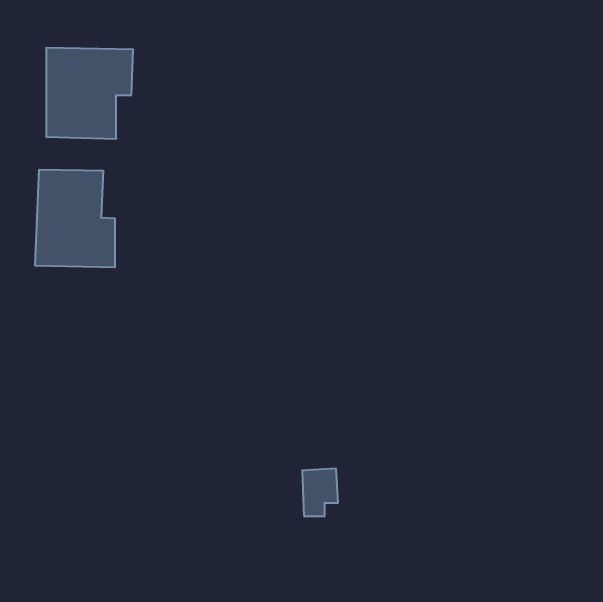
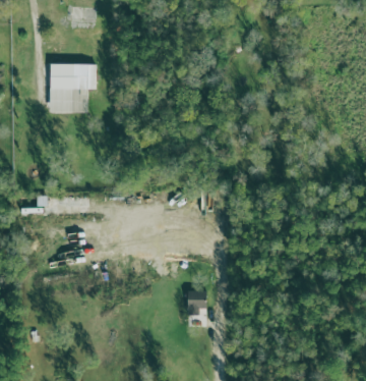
building: [35,170,115,267] -> none

